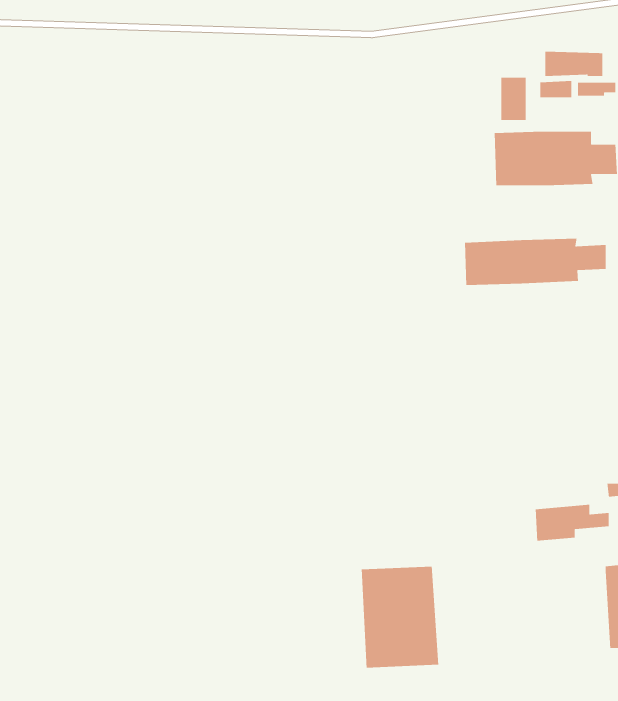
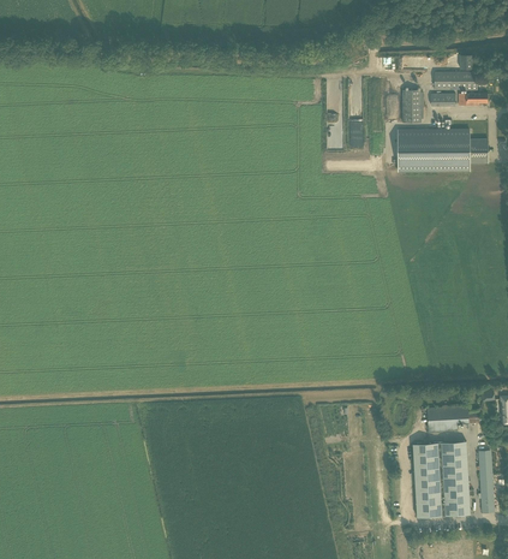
building: [464,238,607,286] -> none
building: [361,566,439,668] -> [412,440,470,516]

